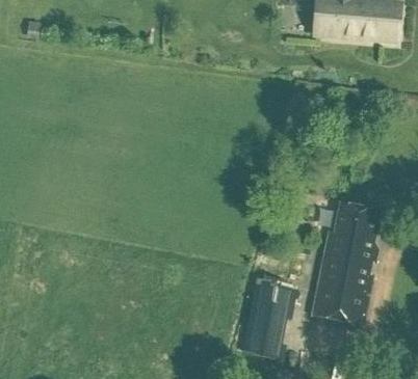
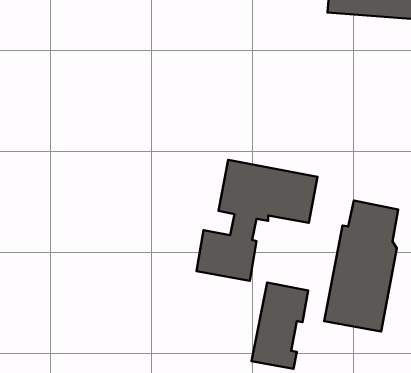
building: none -> [197,160,317,281]

